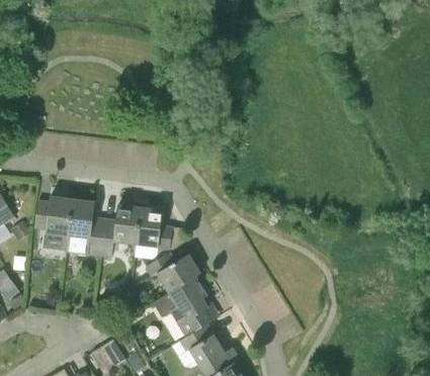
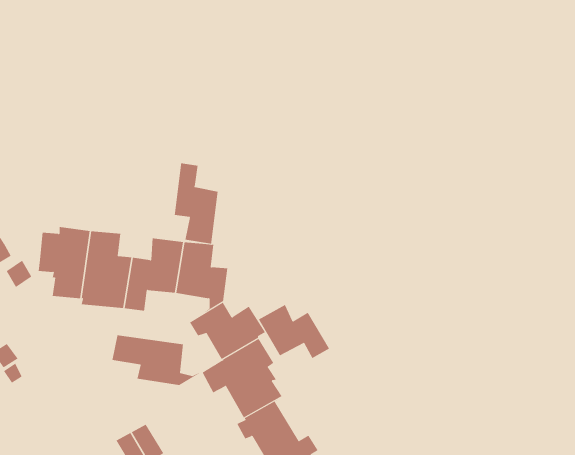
building: none -> [174,162,218,244]
building: none -> [258,304,330,359]
building: none -> [112,335,216,386]

